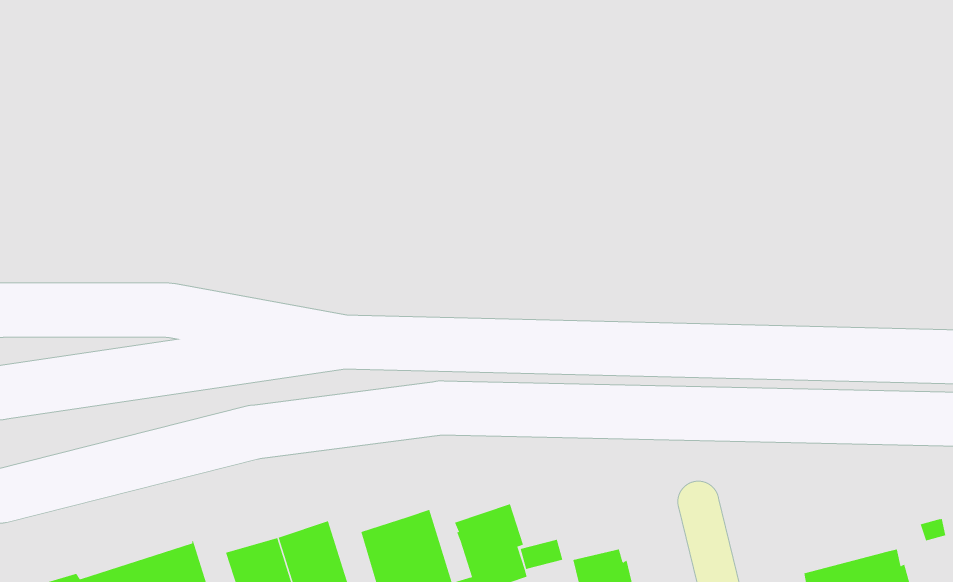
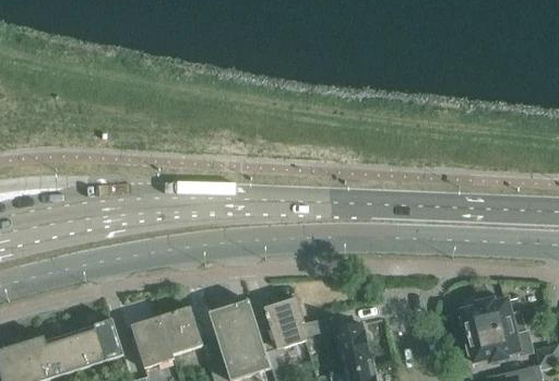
building: none -> [461,299,513,336]

